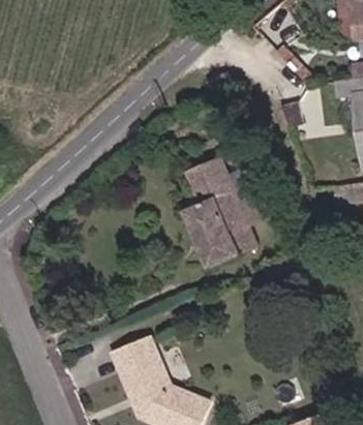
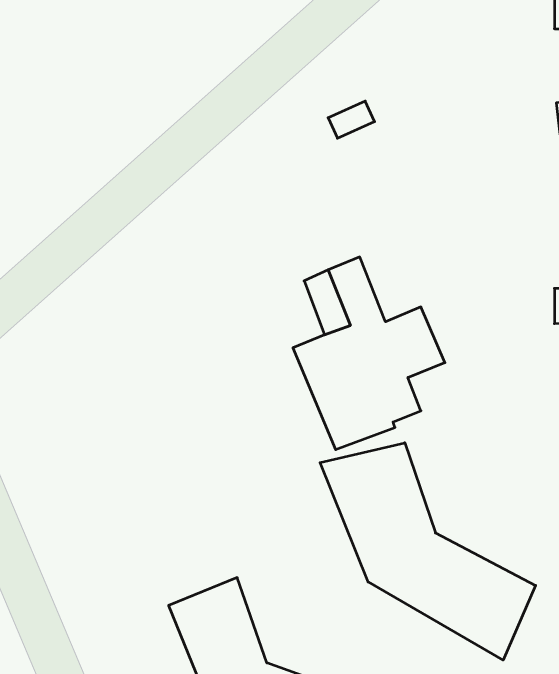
building: none -> [320,443,536,660]

